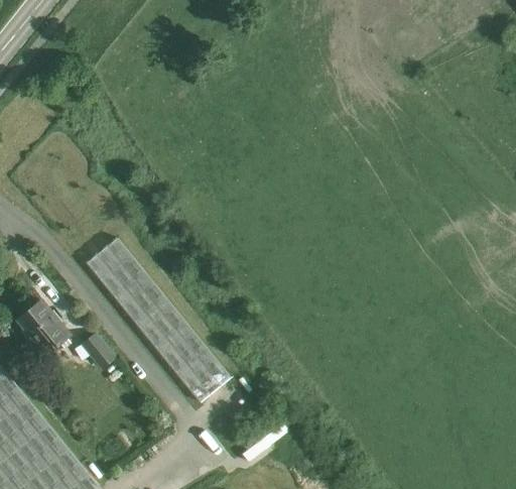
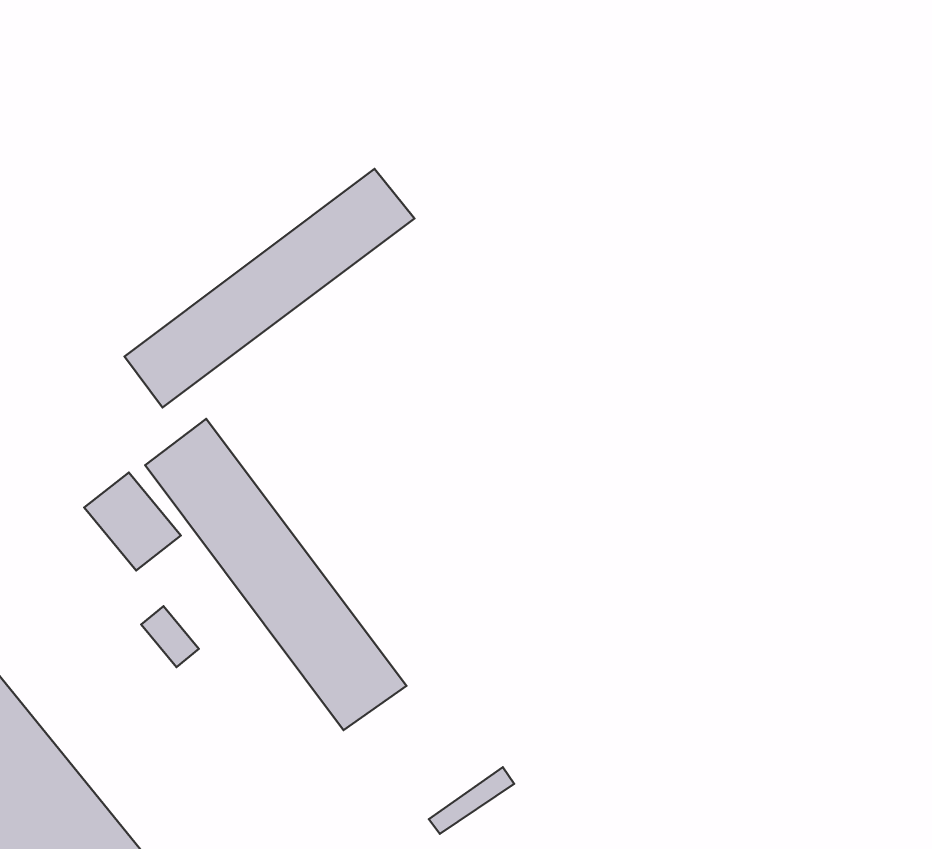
building: none -> [125,169,414,408]
building: [18,301,71,355] -> [84,472,181,571]

